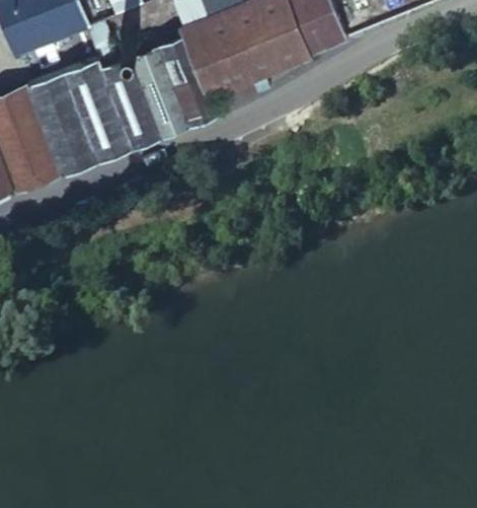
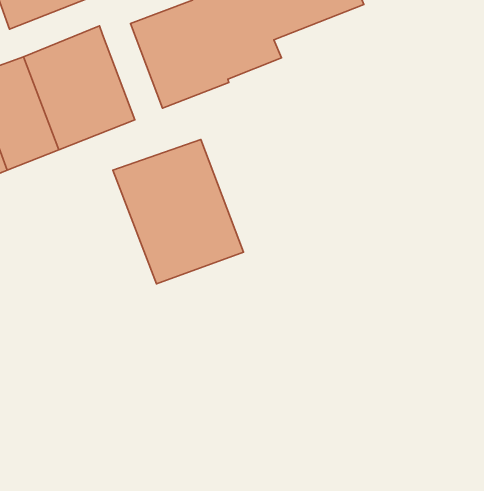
building: [101,57,158,148] -> none
building: none -> [113,140,243,284]

